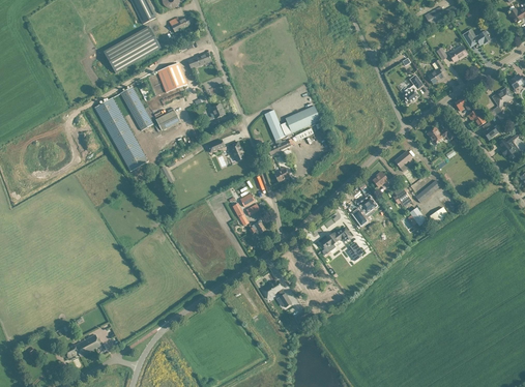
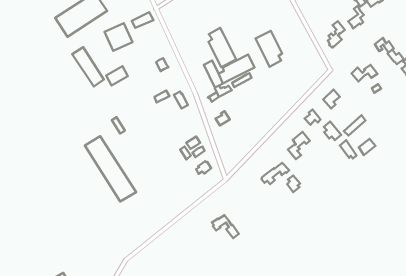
building: none -> [208,28,236,67]
building: none -> [255,31,282,67]
building: [94,97,148,171] -> [85,136,136,201]

